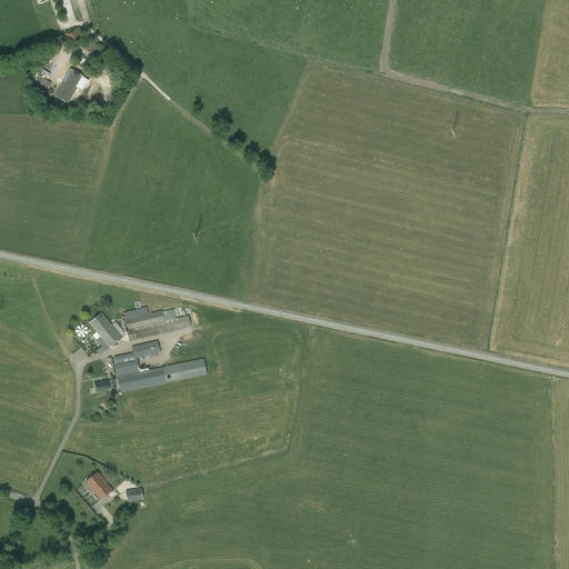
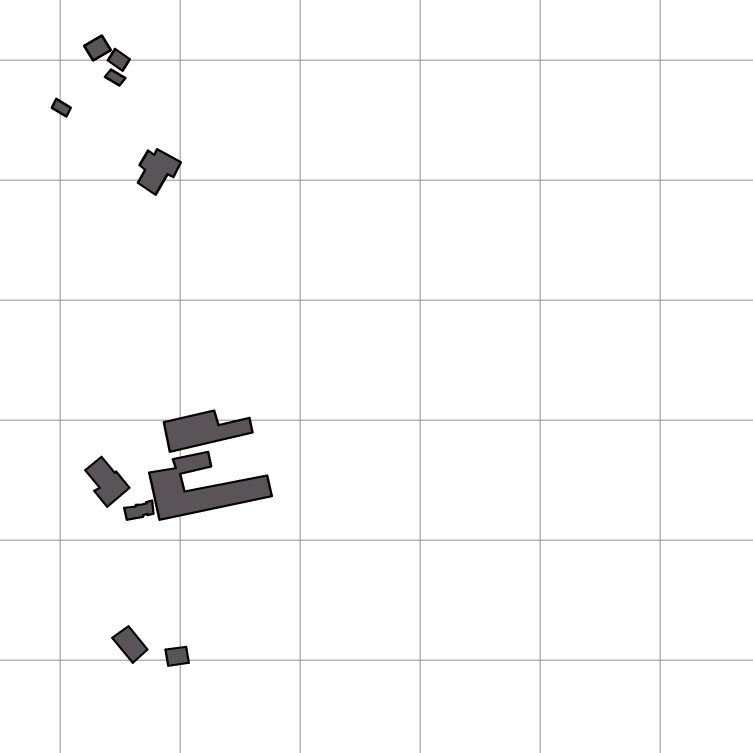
building: [54,68,87,102] -> [138,149,181,195]
building: [89,312,122,350] -> [85,457,129,507]

